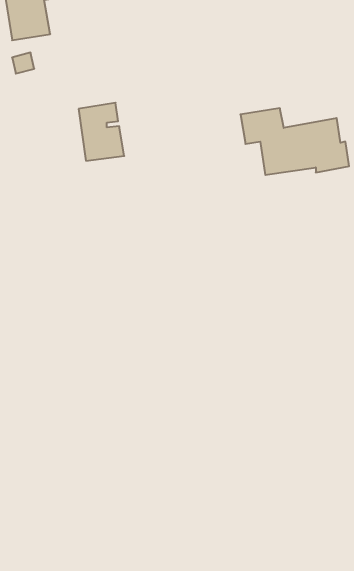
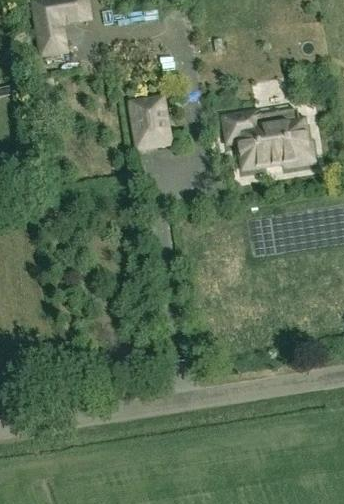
building: [79,103,124,161] -> [131,100,168,147]

